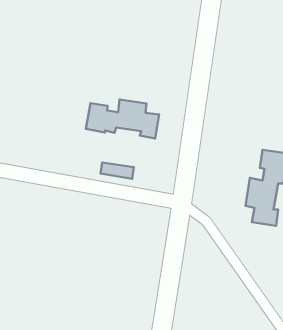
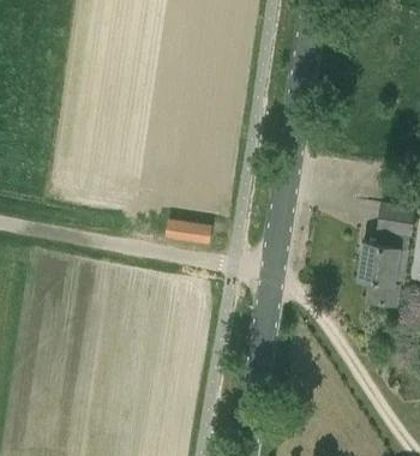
building: [86,100,159,139] -> none

